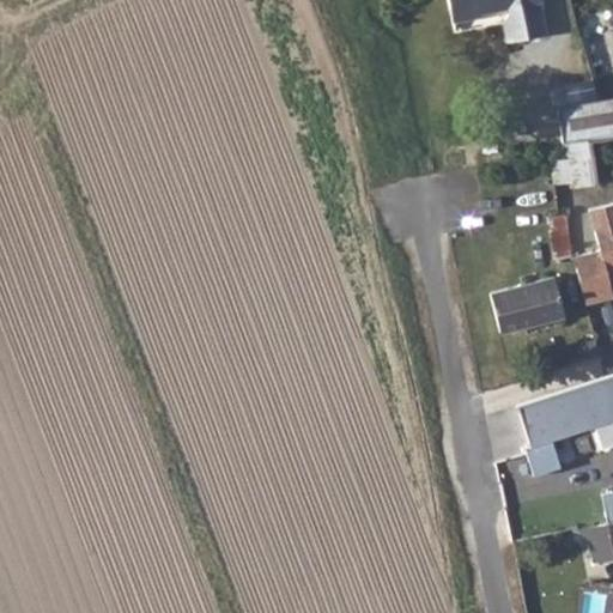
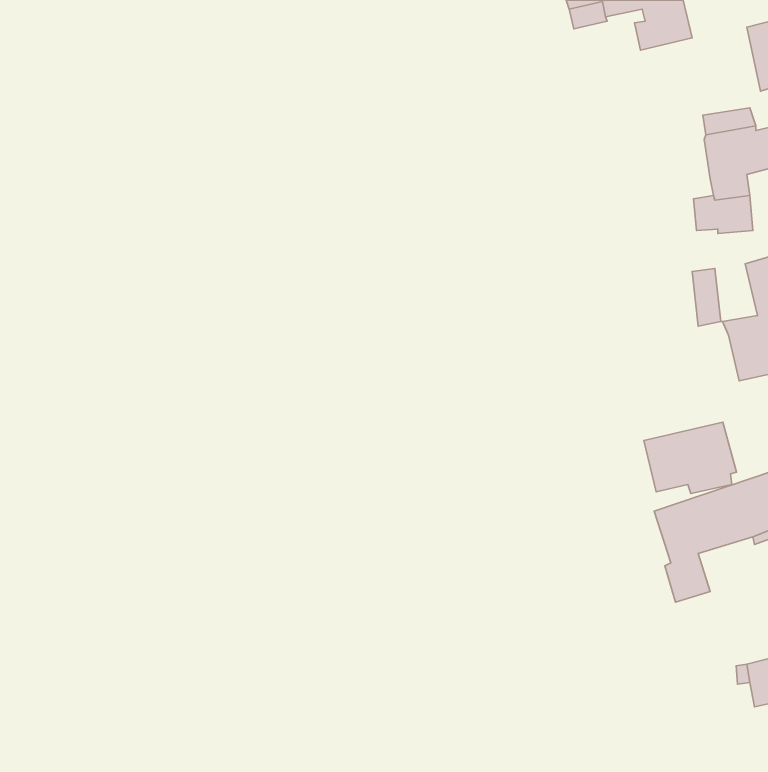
building: [494,279,568,335] -> [644,422,736,493]

